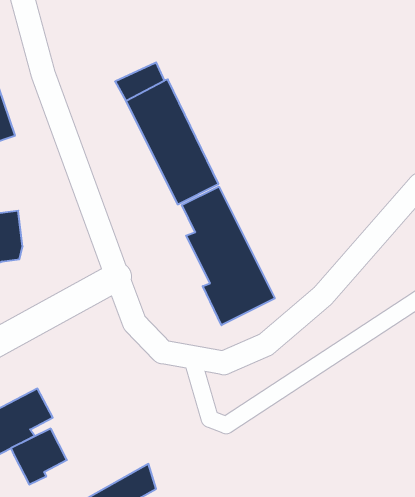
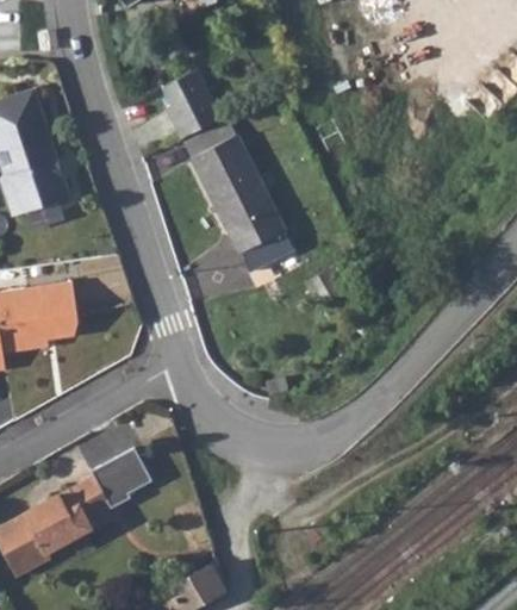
building: none -> [163,70,224,138]
building: [182,187,275,325] -> none
building: [11,429,67,485] -> [91,448,152,510]

